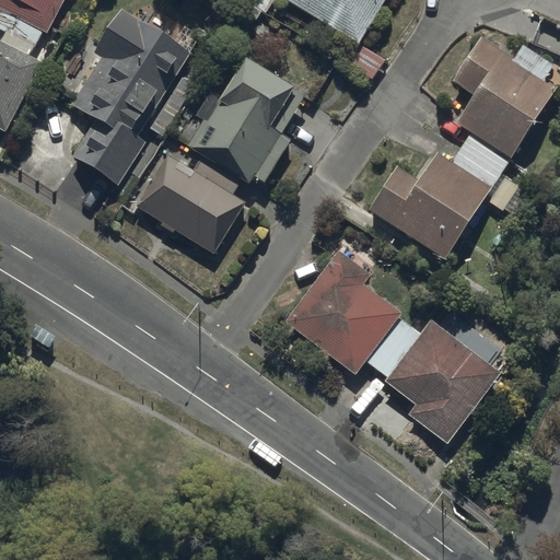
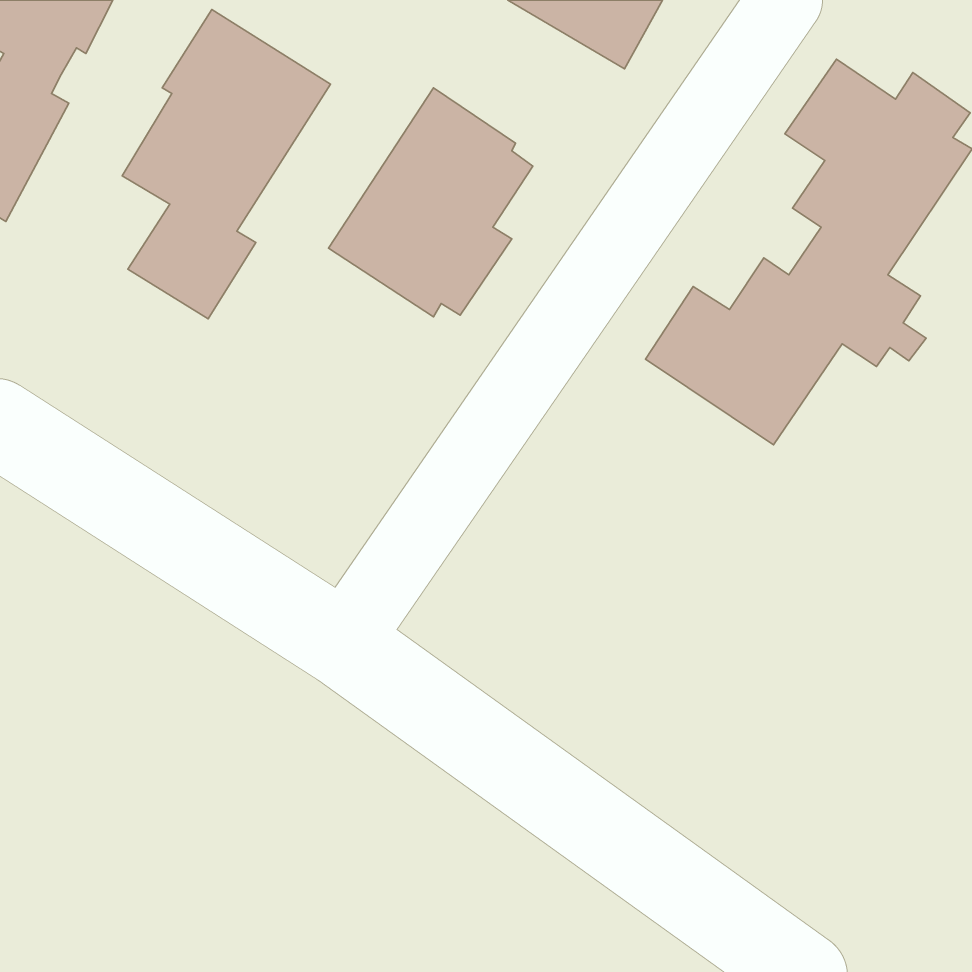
building: [135,151,247,255] -> none
building: [285,247,501,446] -> none

